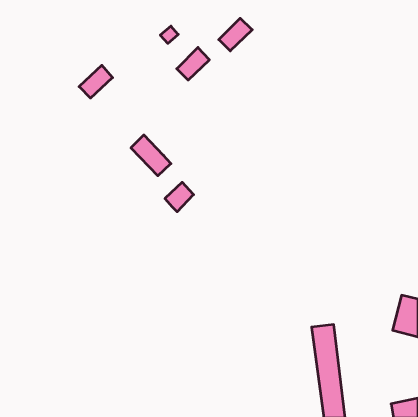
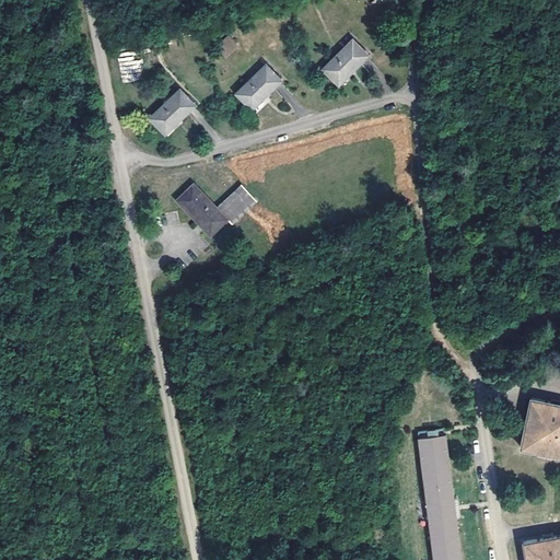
building: [219,18,252,51] -> [323,40,368,84]
building: [79,65,113,98] -> [149,89,194,132]
building: [165,182,194,212] -> [219,187,257,226]

